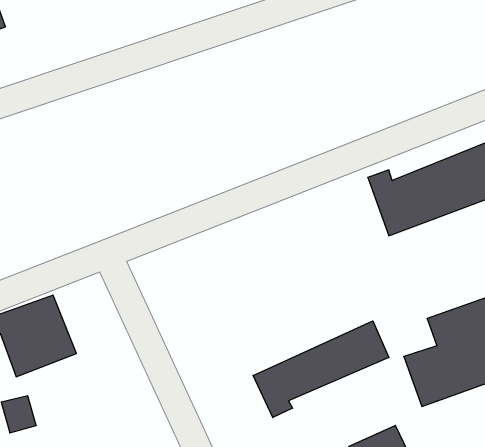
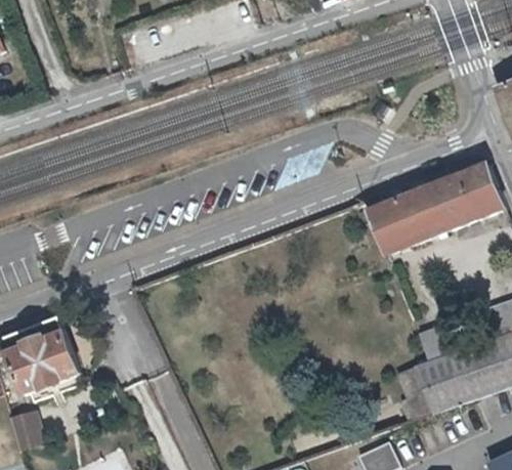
building: [253,321,389,418] -> none

